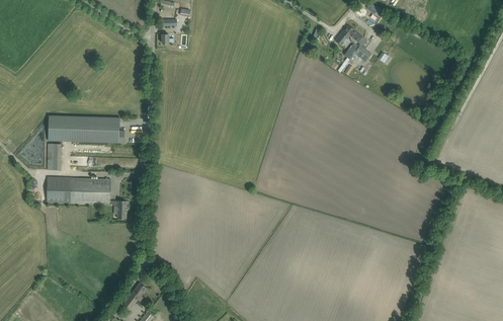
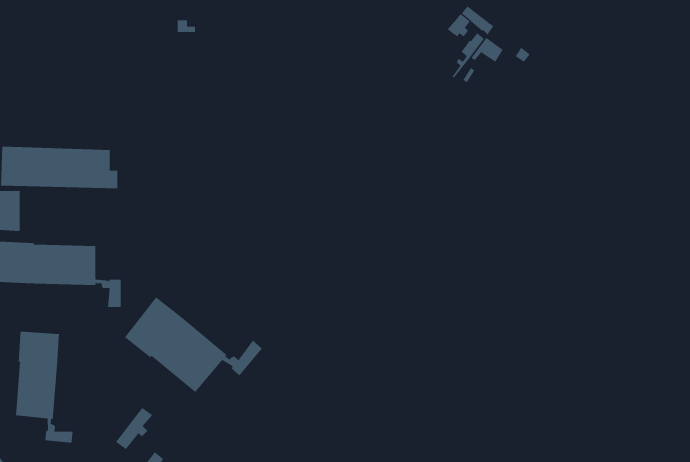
building: none -> [124,296,263,393]
building: none -> [15,331,73,444]

